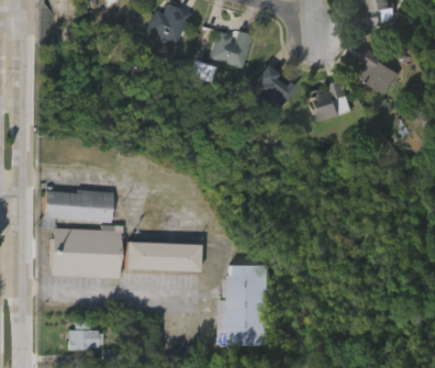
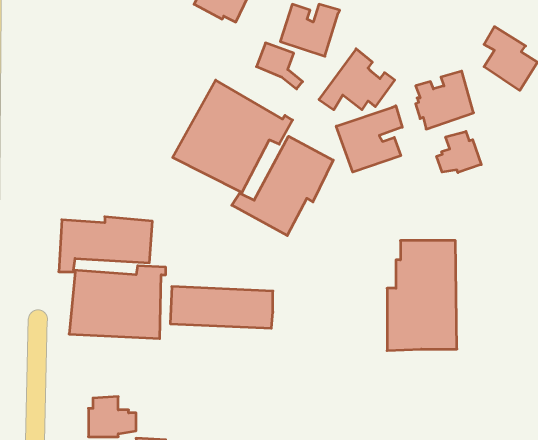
building: none -> [173,80,333,236]
building: none -> [336,106,402,172]
building: none -> [437,131,481,173]
building: [222,264,274,345] -> [387,241,457,351]

